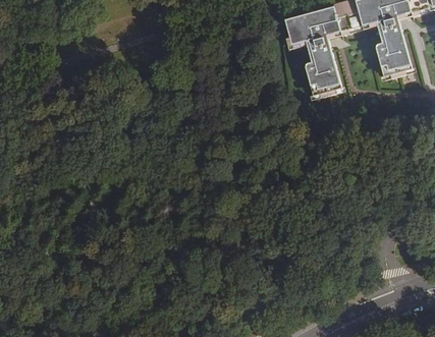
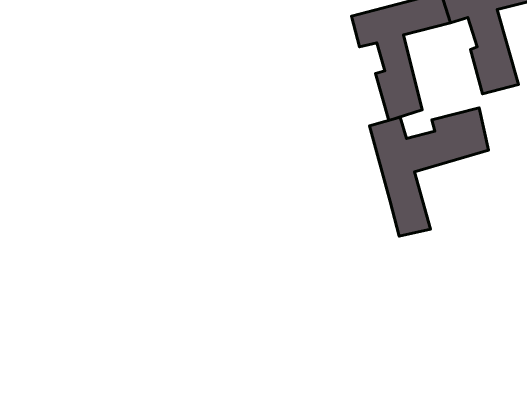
building: none -> [370,108,489,236]

